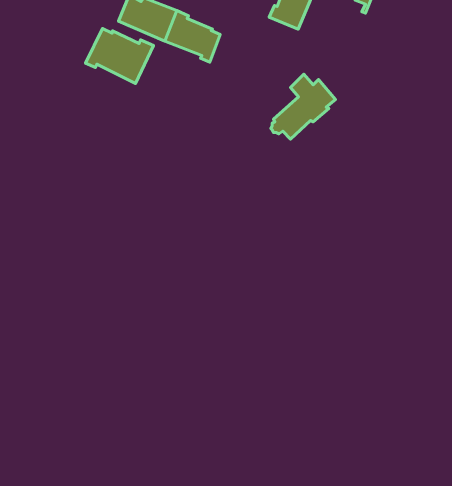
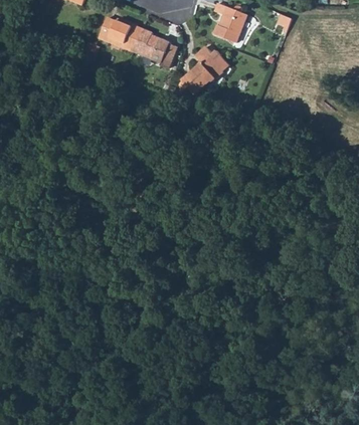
building: [86,29,154,84] -> none
building: [271,74,336,139] -> [179,45,228,94]

